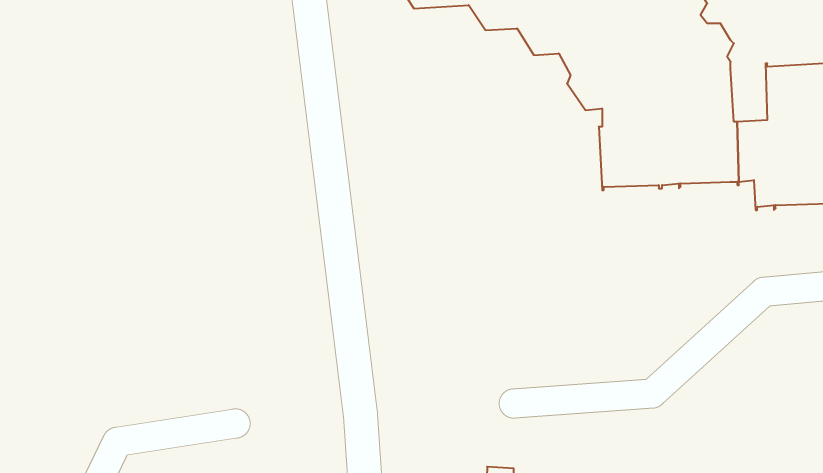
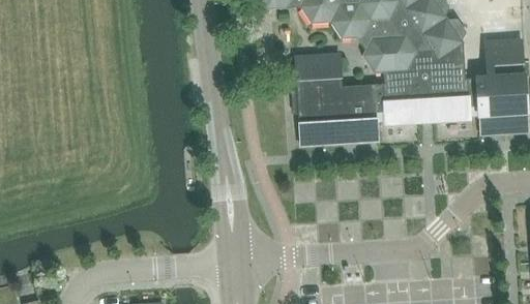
building: none -> [294,55,382,145]

